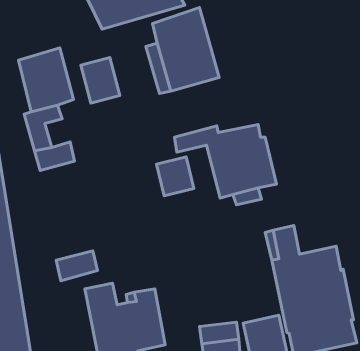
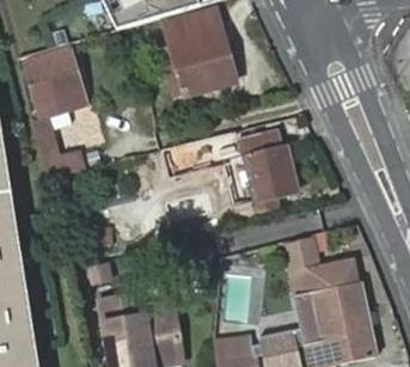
building: [81,57,120,103] -> none
building: [157,157,194,196] -> none

